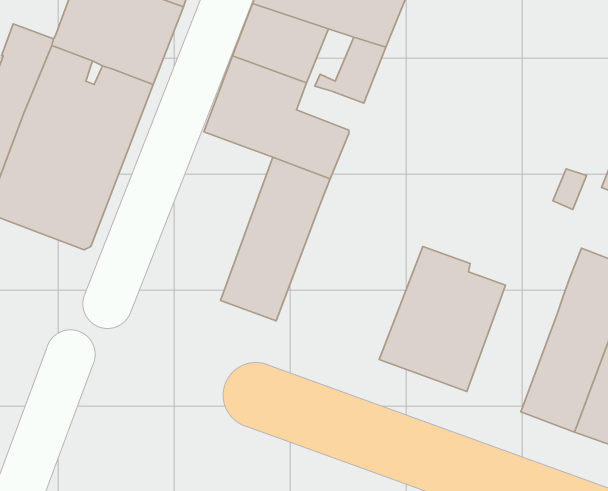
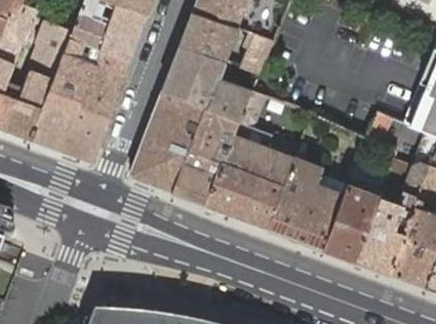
building: none -> [129,88,204,191]
building: none -> [206,89,295,227]
building: none -> [322,176,381,258]

